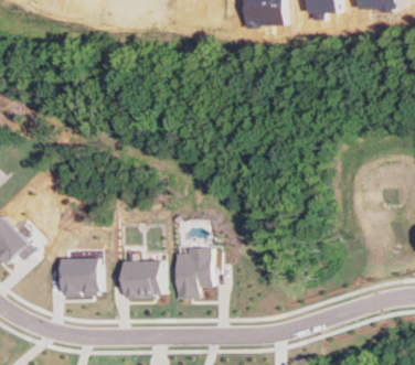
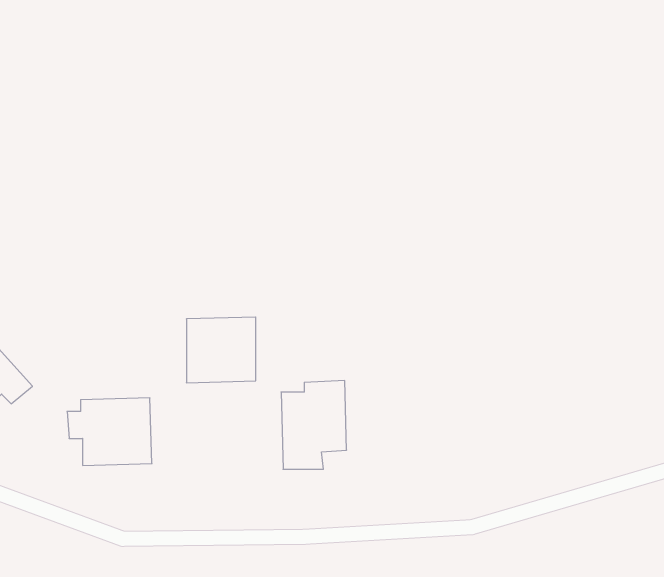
building: [123,260,162,298] -> [186,317,256,383]

